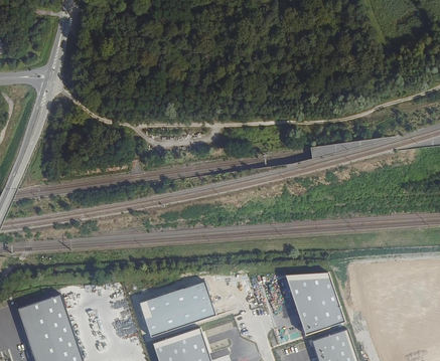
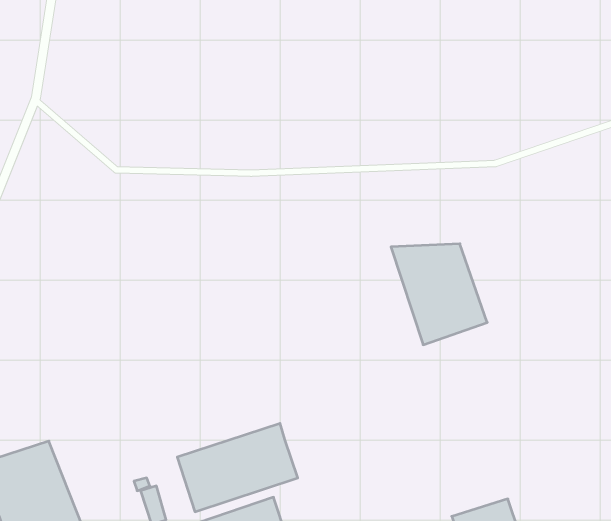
building: [285,274,345,337] -> [391,244,487,345]

